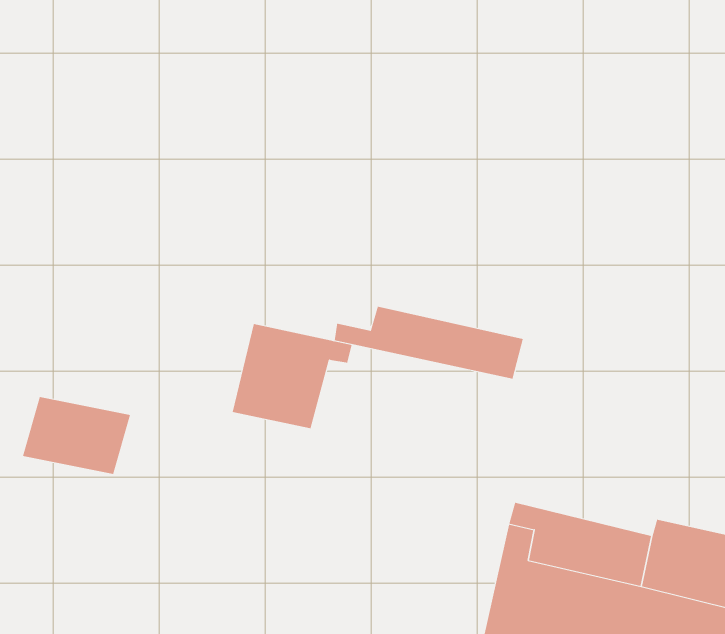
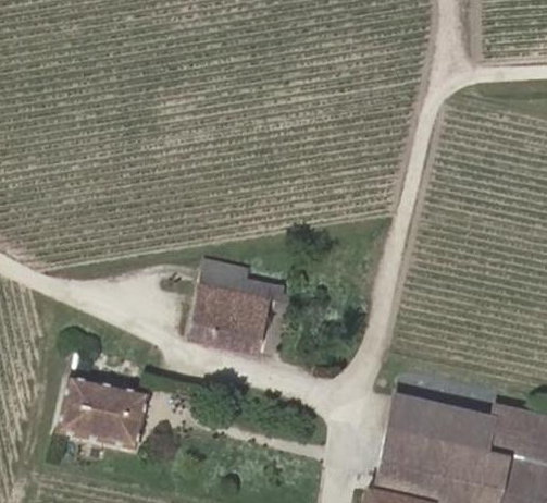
building: [334,306,524,379] -> none
building: [22,396,131,474] -> [65,385,142,441]

